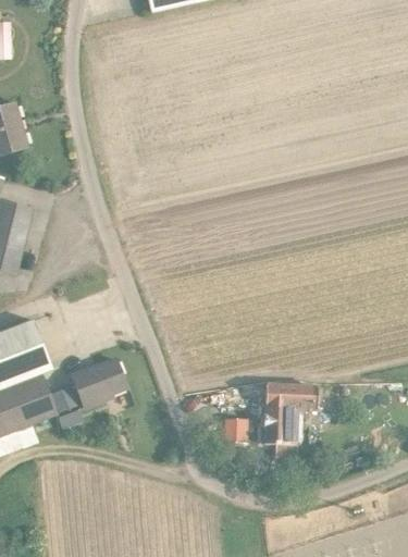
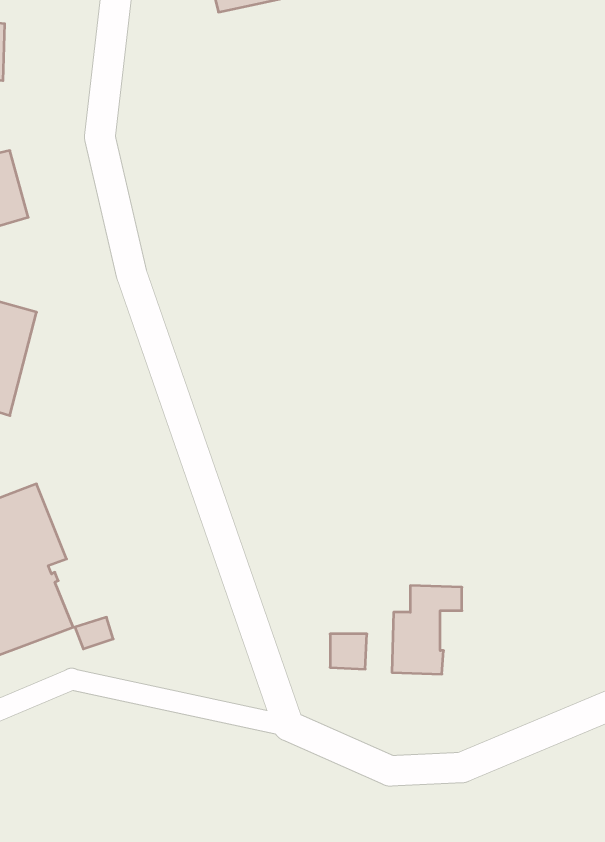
building: [71,359,126,407] -> none

